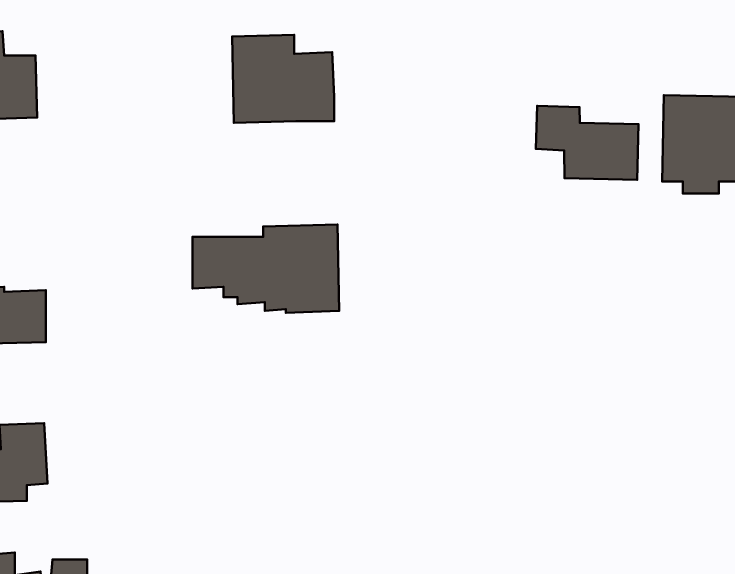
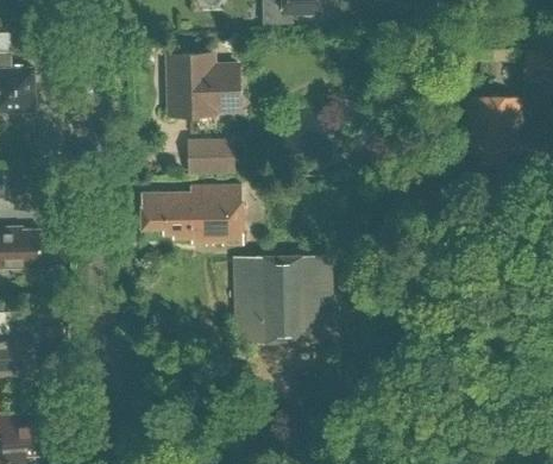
building: [536,106,638,180] -> none
building: none -> [187,137,234,174]
building: none -> [233,255,333,341]

